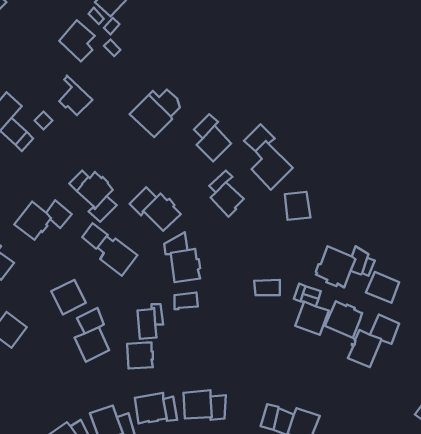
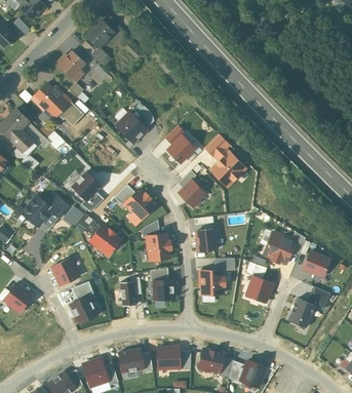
building: none -> [31,84,68,118]
building: [285,192,310,220] -> [196,230,217,252]
building: none -> [199,271,225,294]
building: [325,301,362,338] -> none
building: [127,343,153,368] -> [153,280,173,301]
building: none -> [198,350,224,372]

